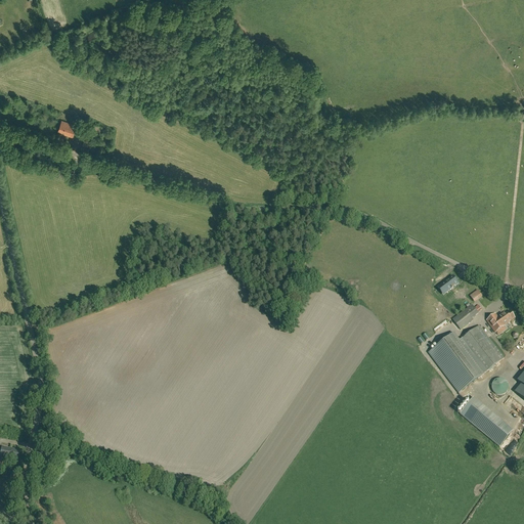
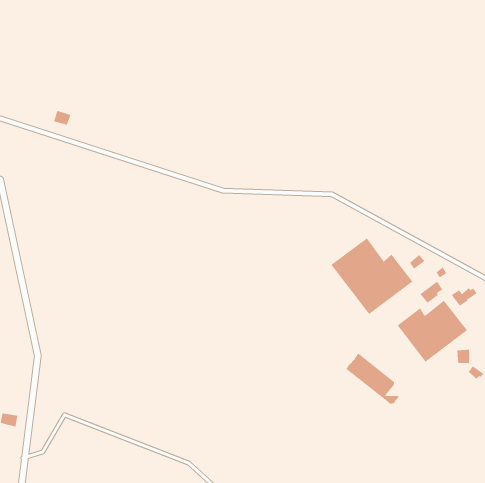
building: none -> [330,237,413,315]
building: [460,396,518,452] -> [345,353,399,405]

